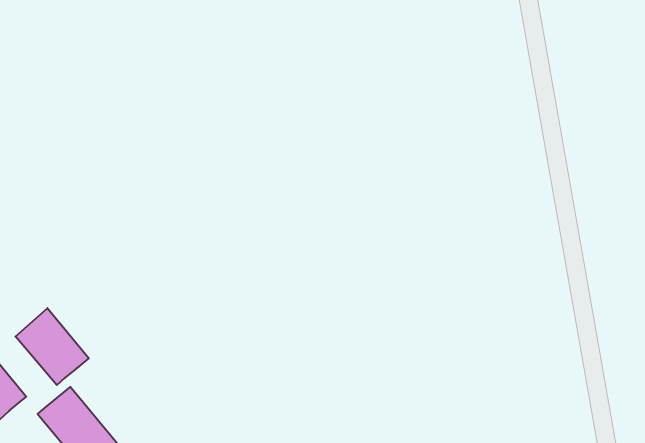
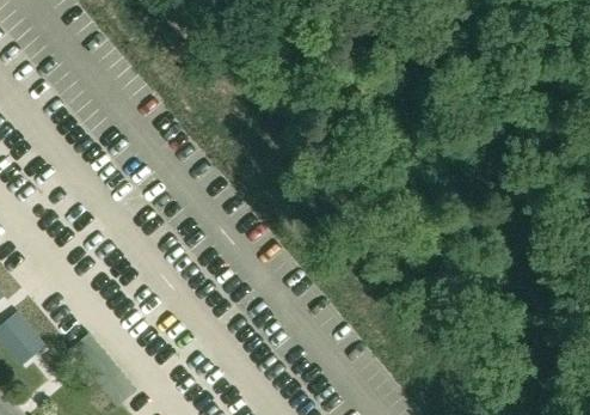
building: [15,308,89,385] -> none

